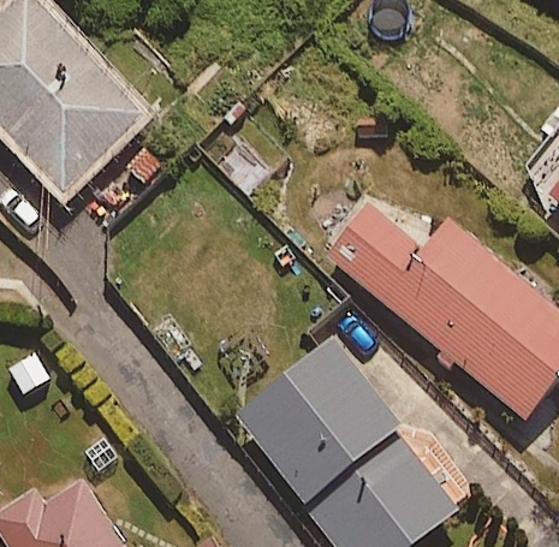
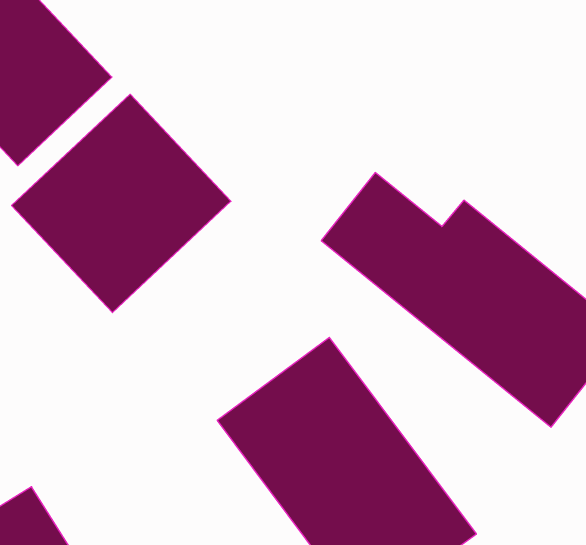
building: none -> [12,94,231,313]

